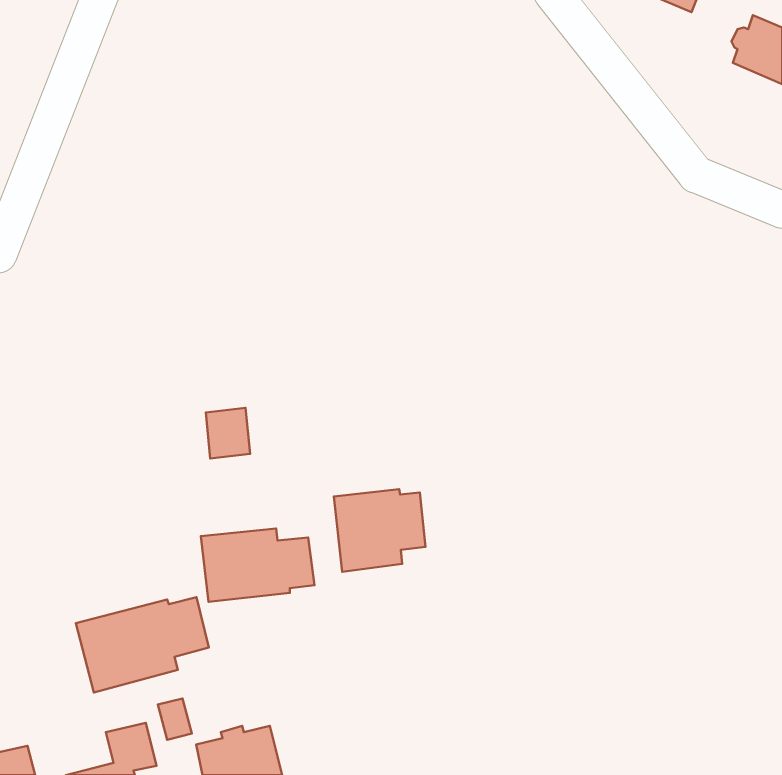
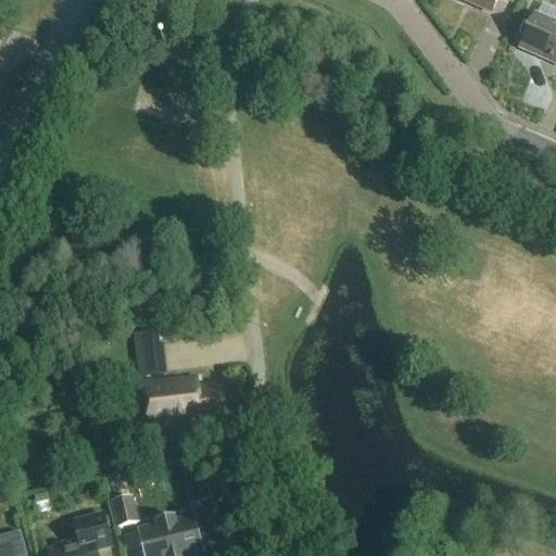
building: [206,408,250,458] -> [134,340,165,376]
building: [334,489,425,572] -> none
building: [76,597,209,693] -> none

